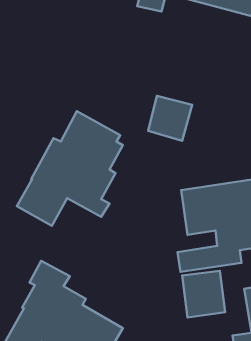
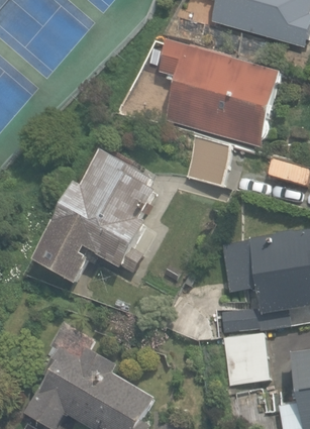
building: none -> [157,40,279,146]

